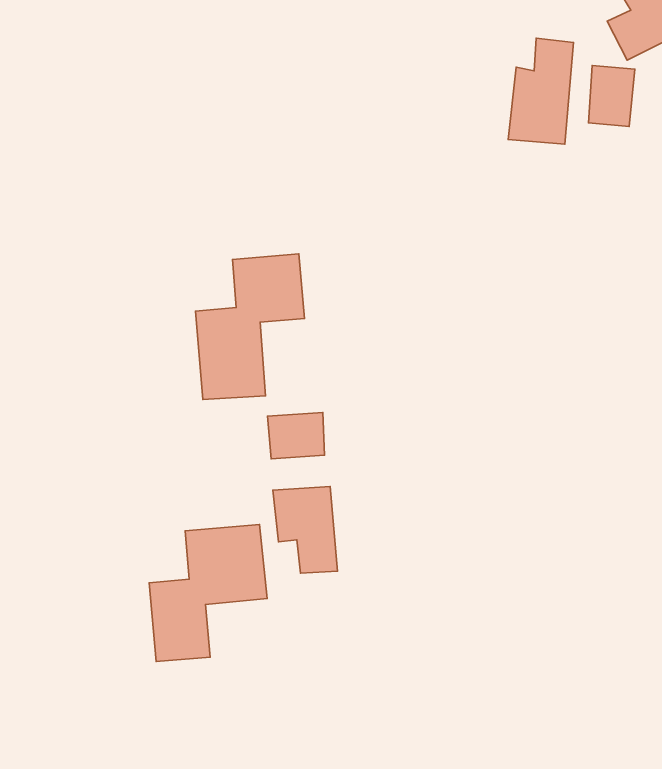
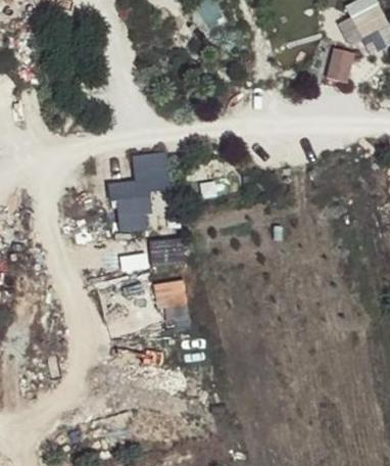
building: [508,38,574,144] -> none
building: [149,524,267,662] -> none

